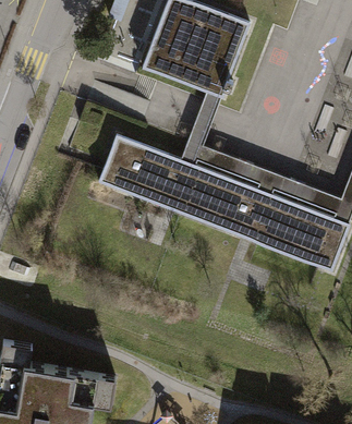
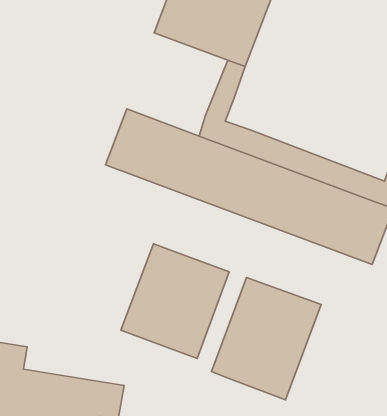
building: none -> [121,244,229,359]
building: none -> [212,277,321,400]

